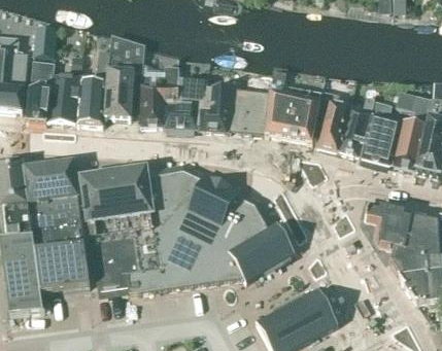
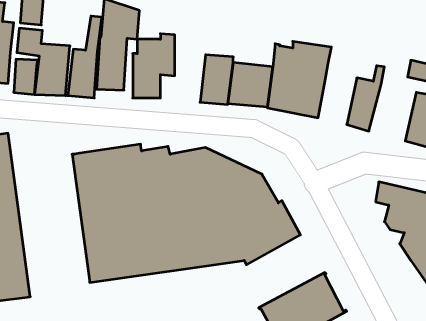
building: [165,77,207,129] -> none
building: [317,92,348,149] -> none
building: [362,99,401,165] -> none
building: [25,160,90,290] -> none

